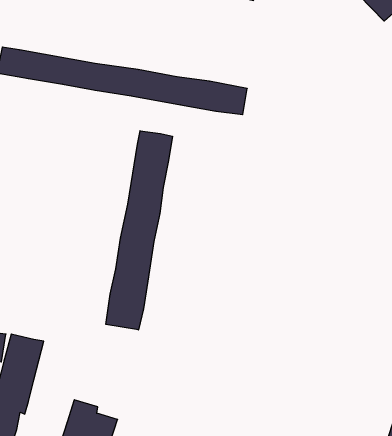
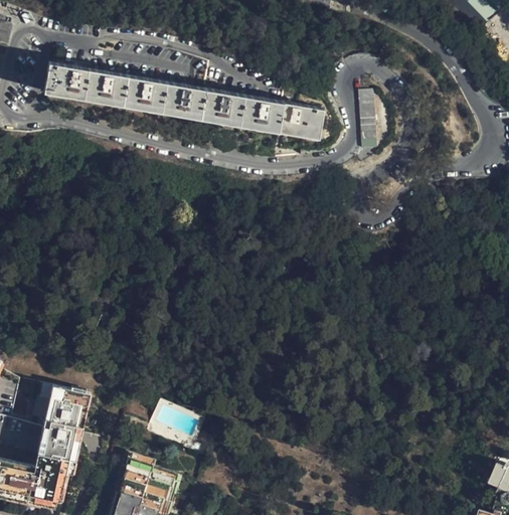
building: none -> [358,92,377,150]
building: [106,131,172,330] -> none

